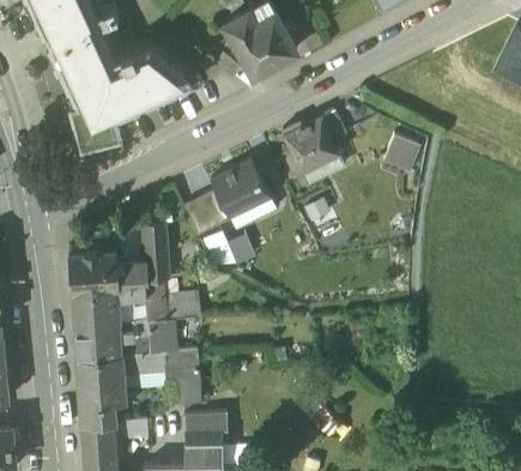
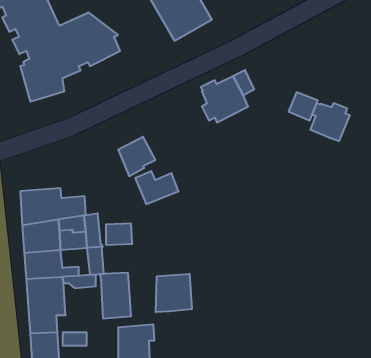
building: none -> [310,103,350,141]
building: [212,159,272,217] -> none
building: [143,222,170,283] -> none
building: none -> [156,274,192,312]

